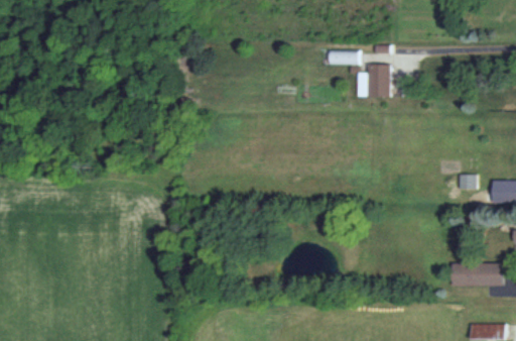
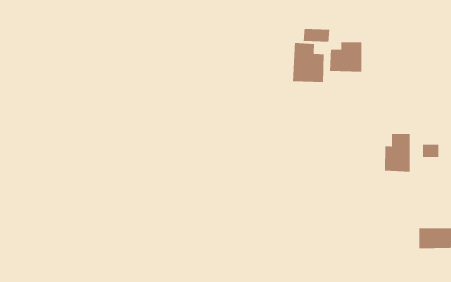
building: none -> [292,42,324,83]
building: none -> [384,133,411,172]

